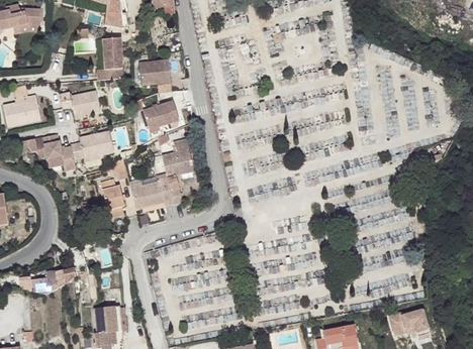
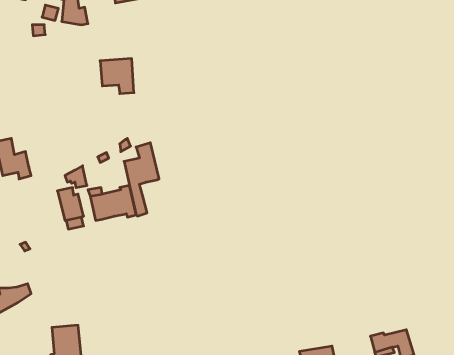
building: [97,37,122,81] -> none
building: [61,90,100,116] -> none
building: [143,101,179,131] -> none
building: [71,130,114,159] -> none

